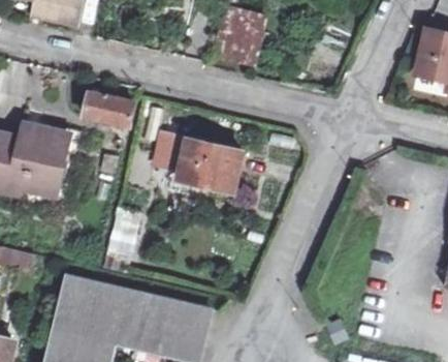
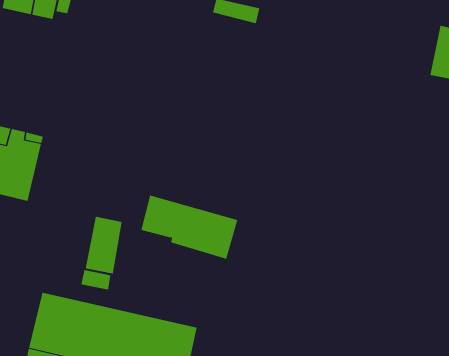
building: [215,22,262,64] -> none
building: [83,86,133,126] -> none
building: [154,130,243,189] -> [141,195,238,260]

